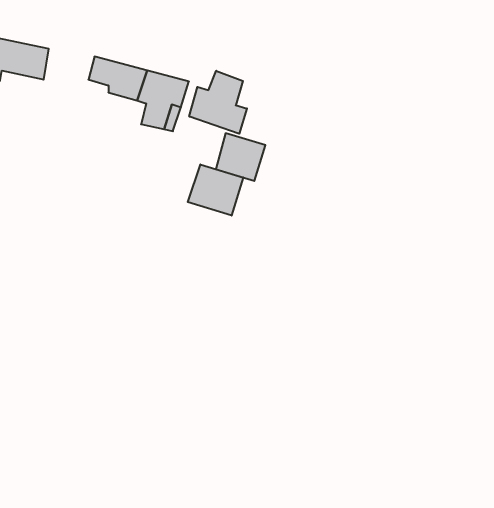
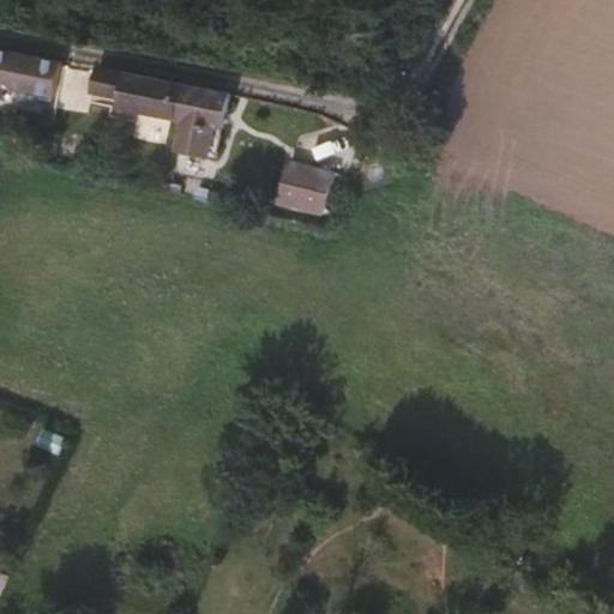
building: [189,71,247,134] -> none
building: [188,164,243,216] -> none

